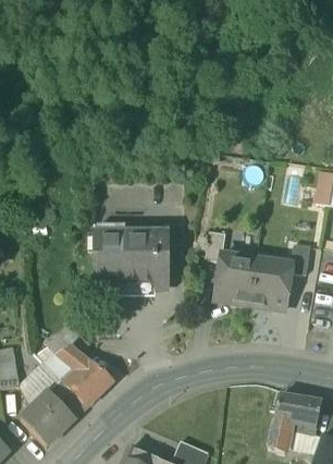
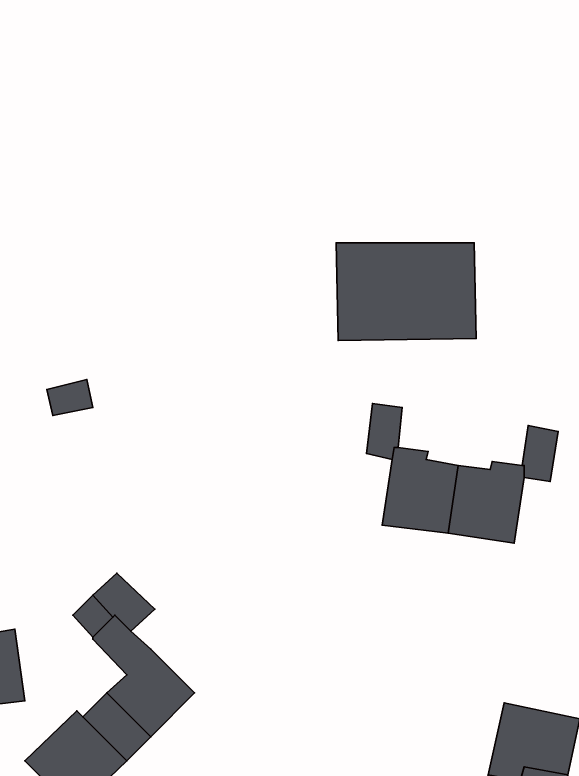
building: [94,227,170,280] -> [336,243,476,341]

